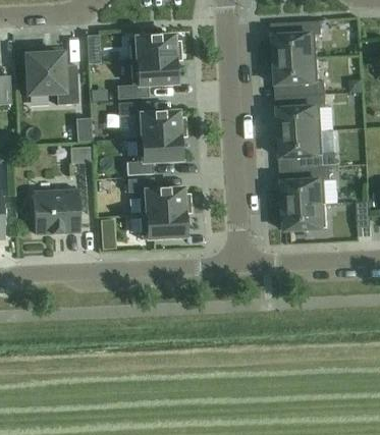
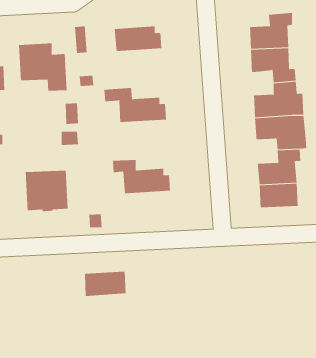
building: [116,59,180,99] -> none
building: [125,135,185,175] -> none
building: [140,212,191,239] -> [84,271,131,296]

